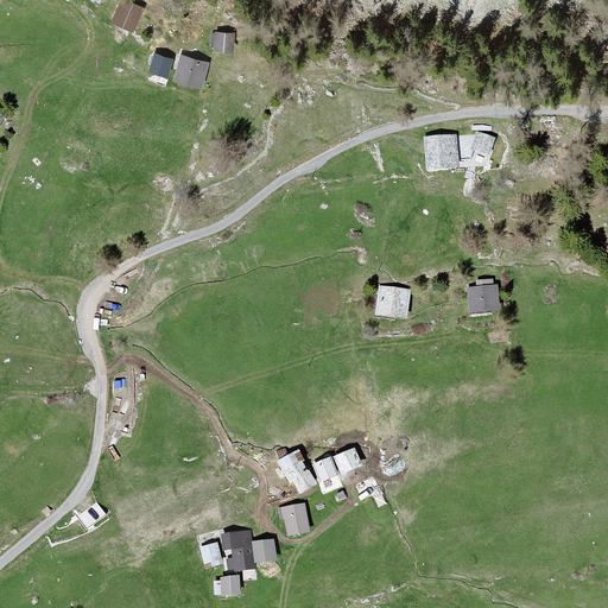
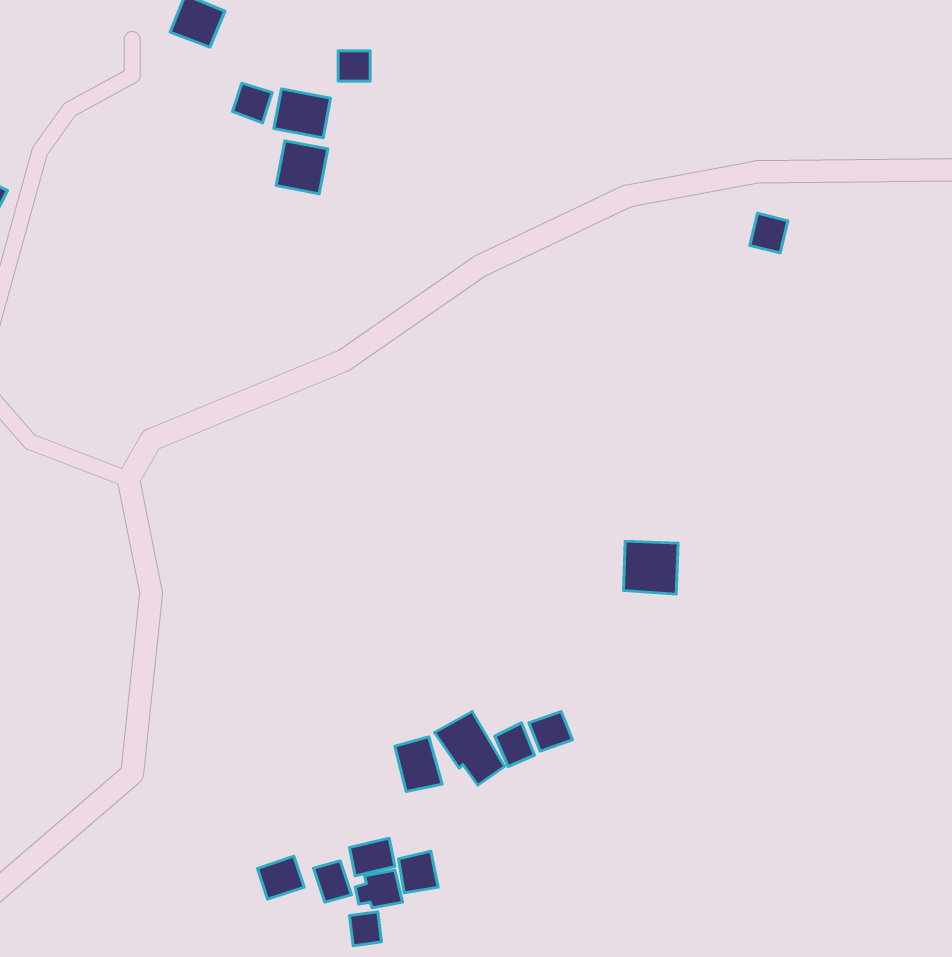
building: none -> [276,141,328,194]
building: [426,135,461,177] -> none
building: [468,287,501,319] -> none
building: [376,290,411,323] -> [623,541,678,594]
building: [279,501,309,536] -> [395,737,442,792]
building: none -> [257,856,304,899]

